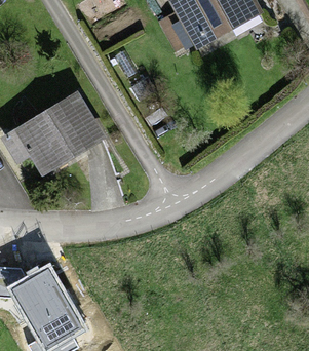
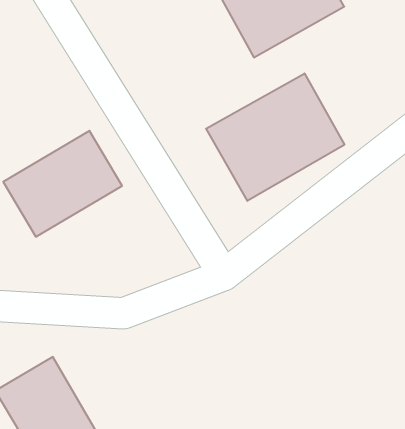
building: none -> [206,73,344,201]

